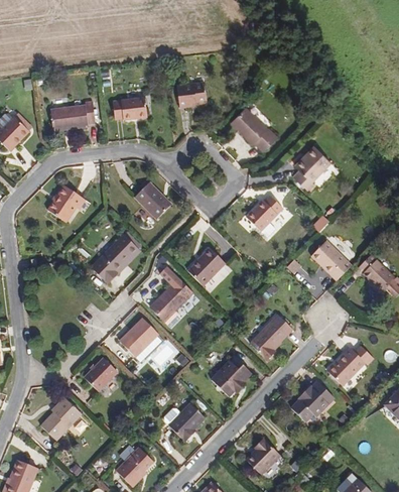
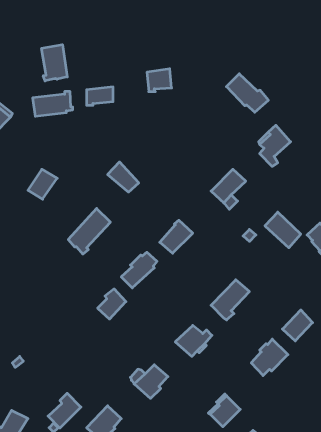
building: none -> [42,45,67,81]
building: [234,105,280,147] -> [226,74,268,112]
building: [87,361,119,393] -> none
building: [44,404,81,443] -> [48,393,81,428]

